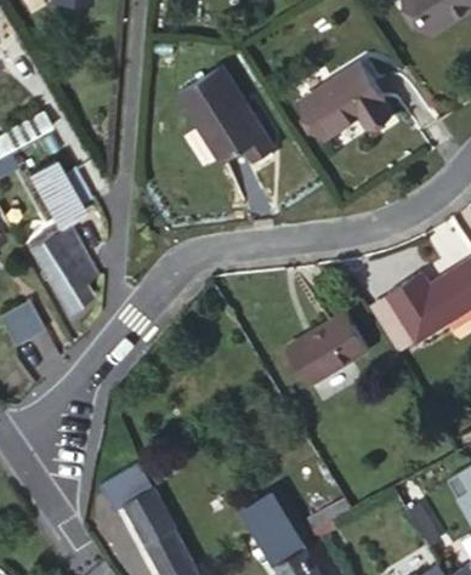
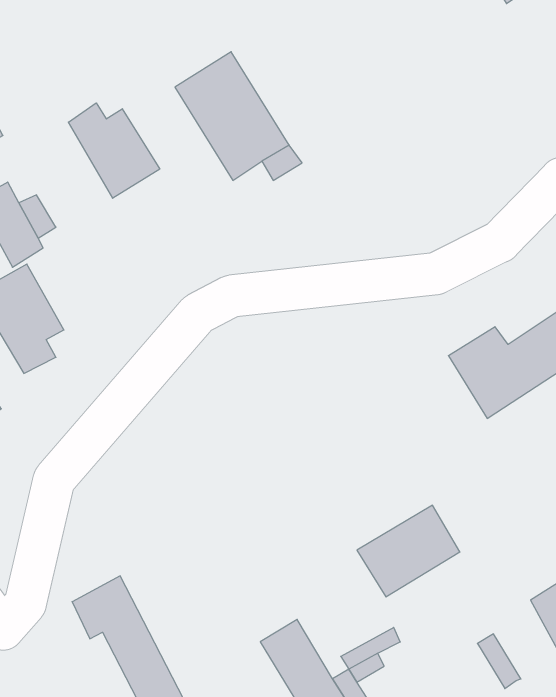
building: [301,66,390,138] -> none
building: none -> [68,103,160,198]
building: [288,314,365,383] -> [357,505,460,597]

